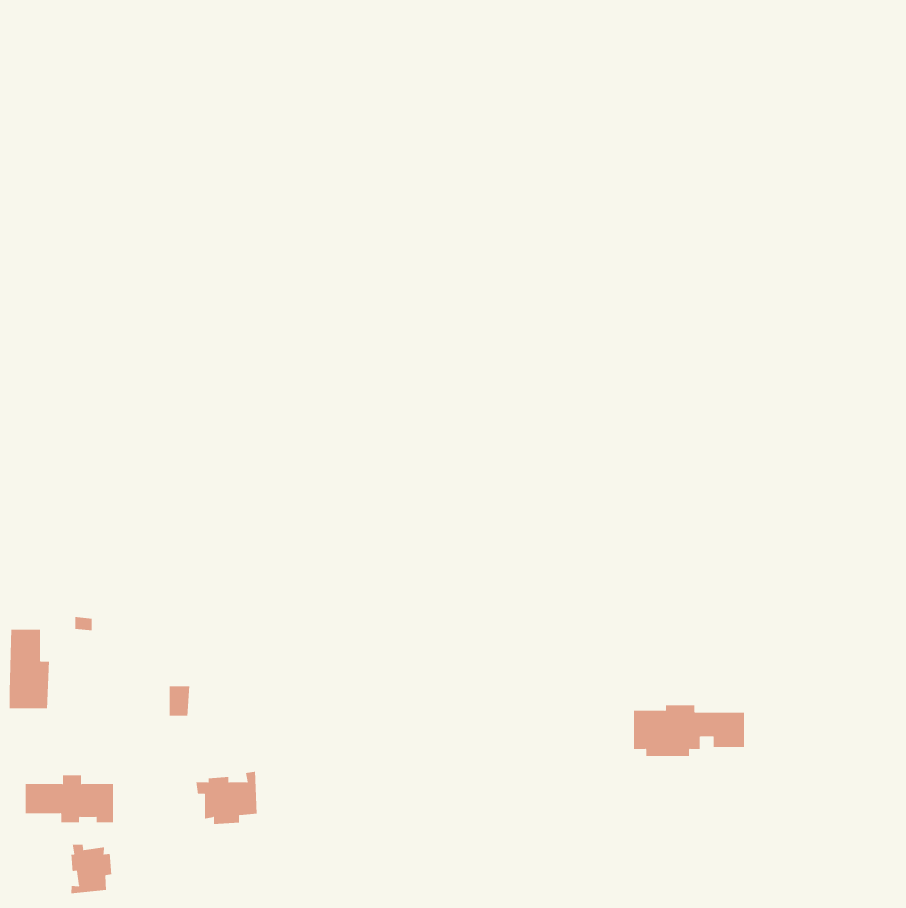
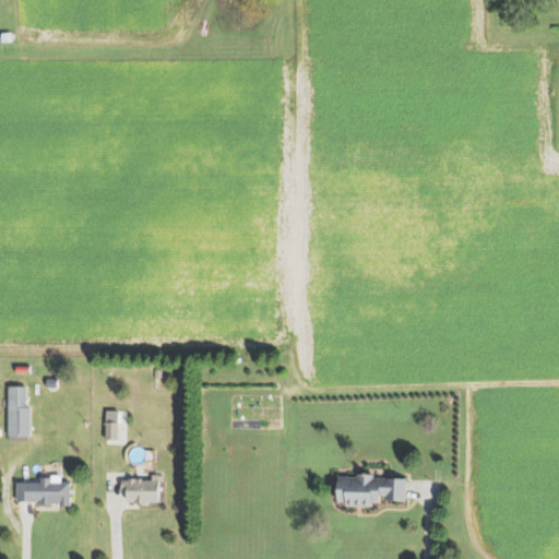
building: [633,705,745,756] -> [336,474,405,506]
building: [71,844,112,894] -> none

